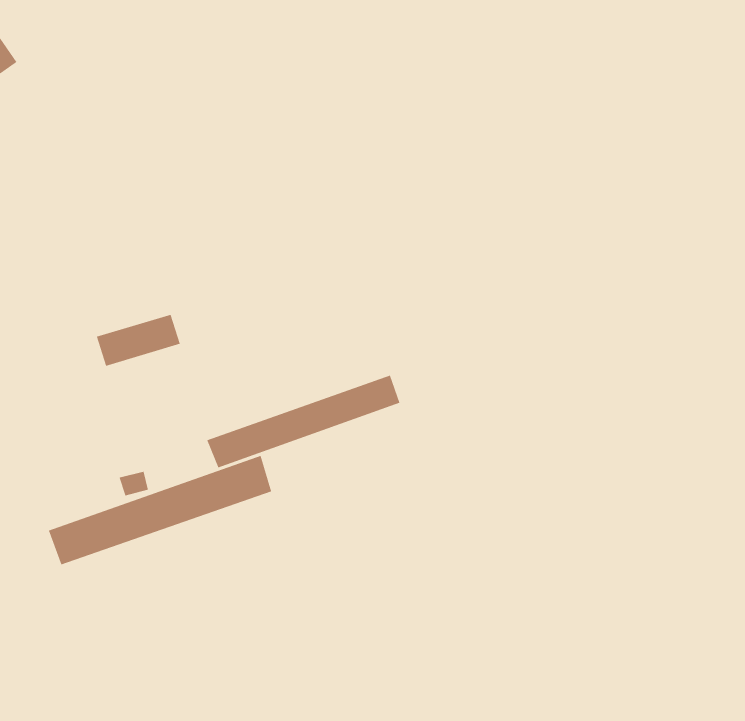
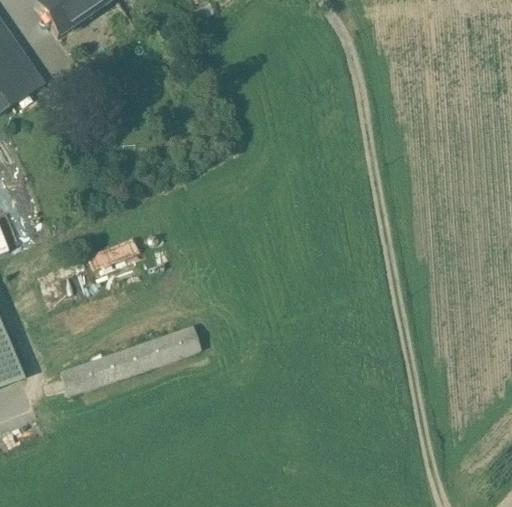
building: [206,375,400,469] -> none

